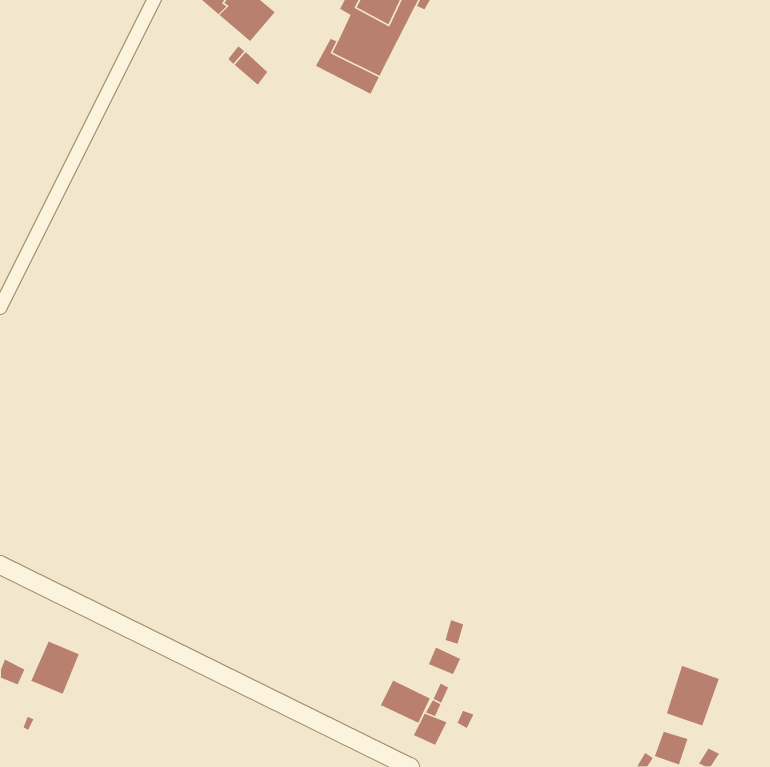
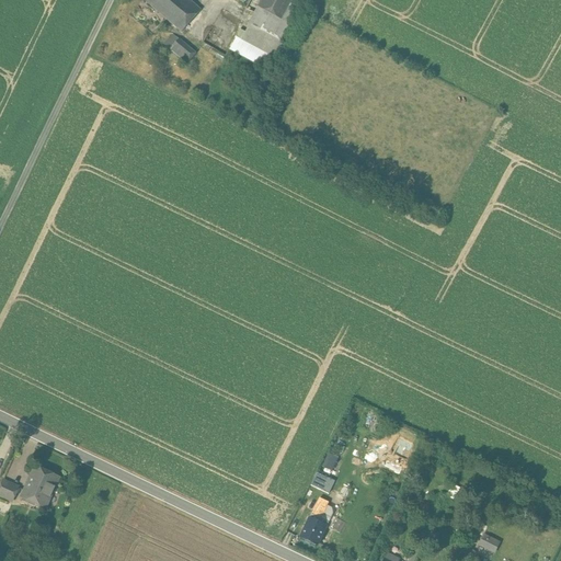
building: [666,665,720,726] -> none
building: [380,679,431,724] -> none

